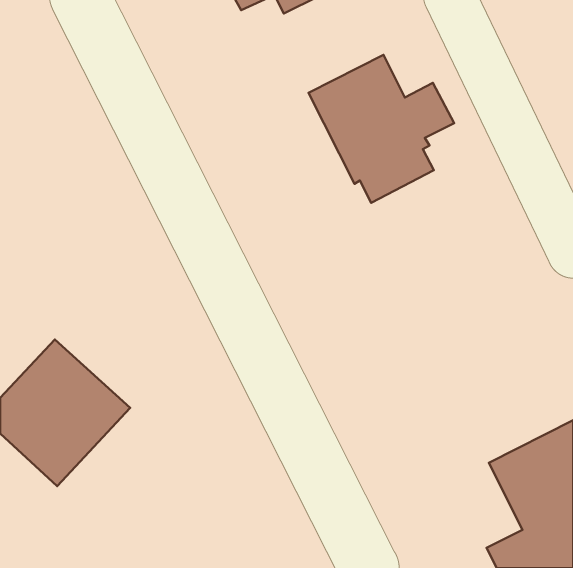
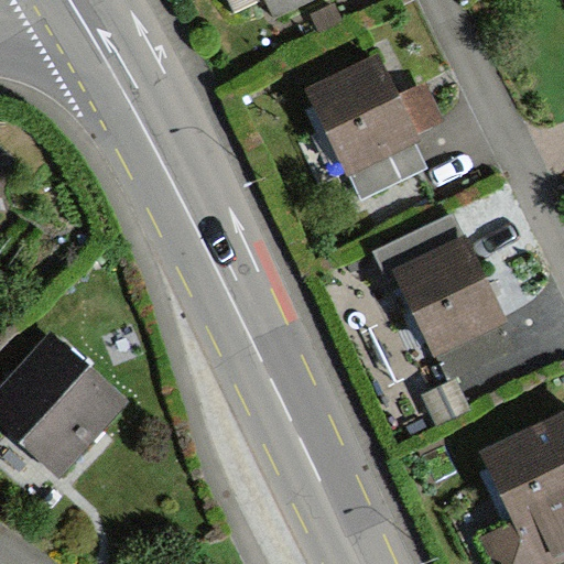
building: none -> [376,217,512,378]

